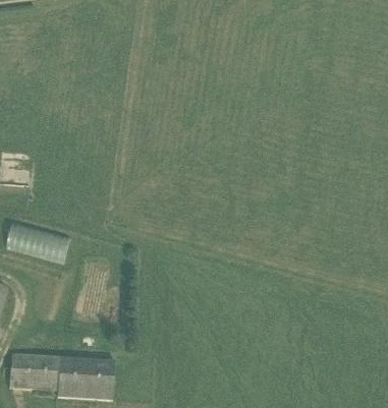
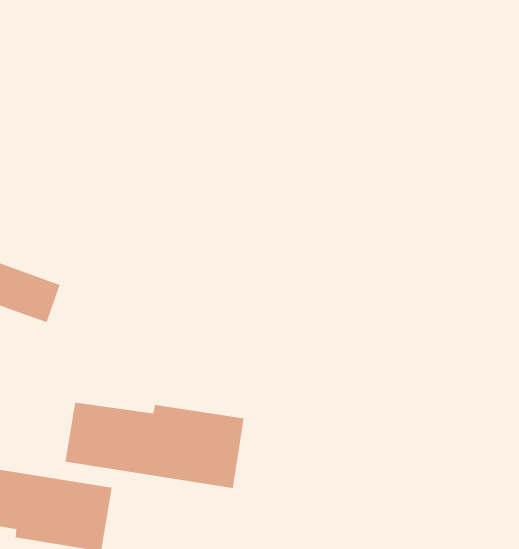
building: none -> [65,402,244,489]

